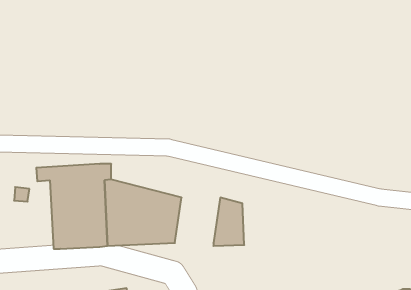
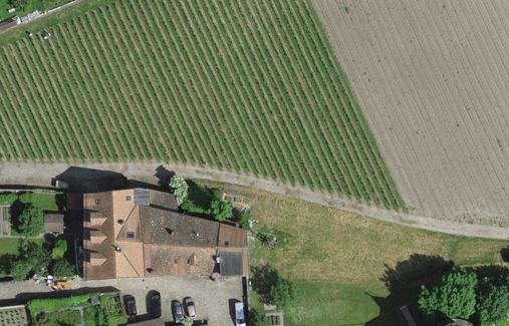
building: [213,198,244,246] -> [212,225,244,275]

